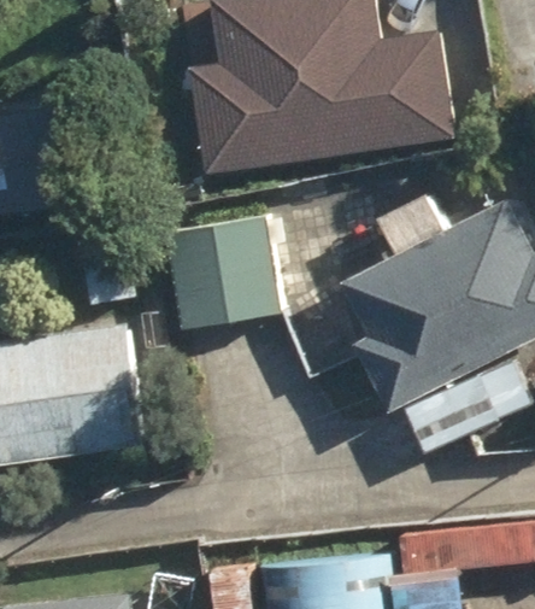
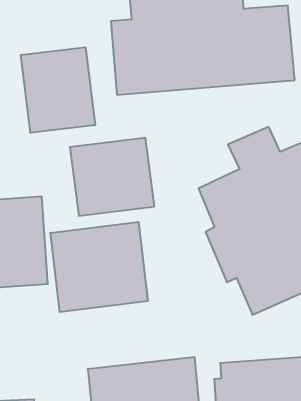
building: none -> [21,47,95,133]
building: none -> [50,222,148,312]

